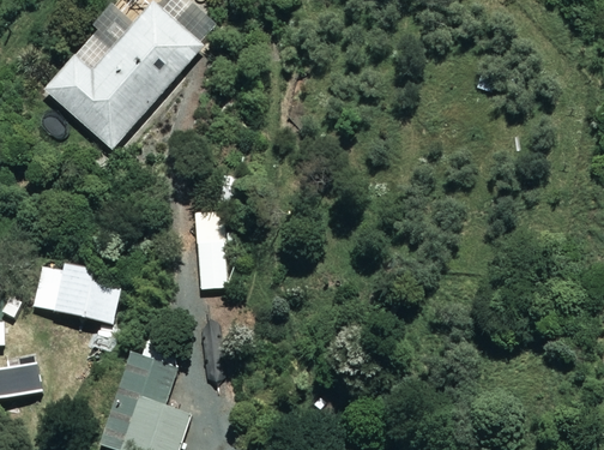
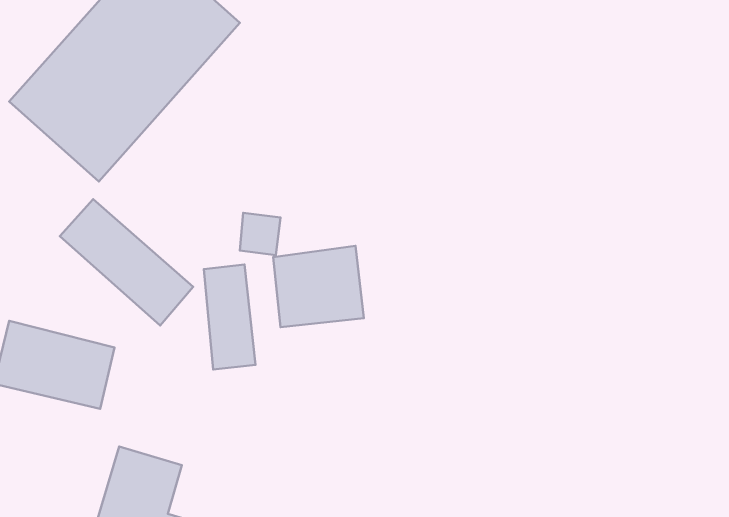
building: none -> [60,199,193,326]
building: none -> [273,246,364,327]

